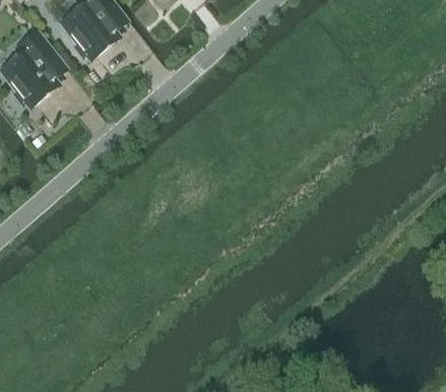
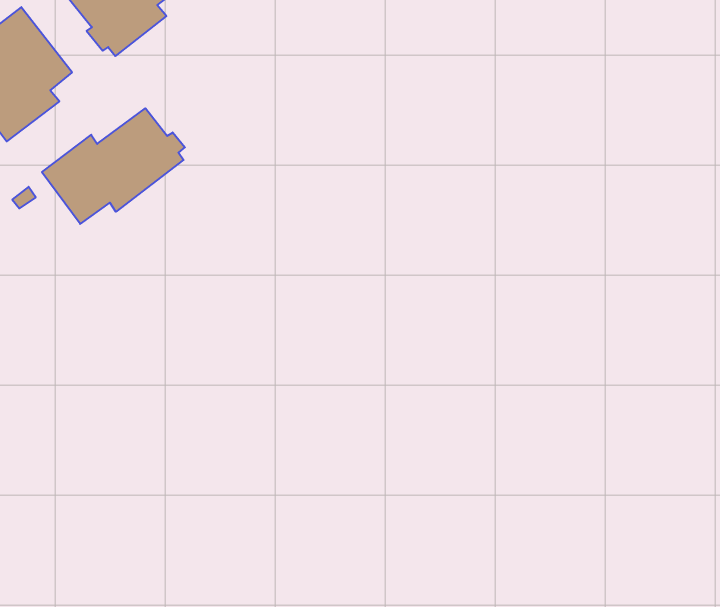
building: none -> [42,108,185,224]

